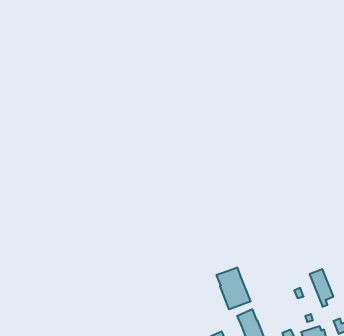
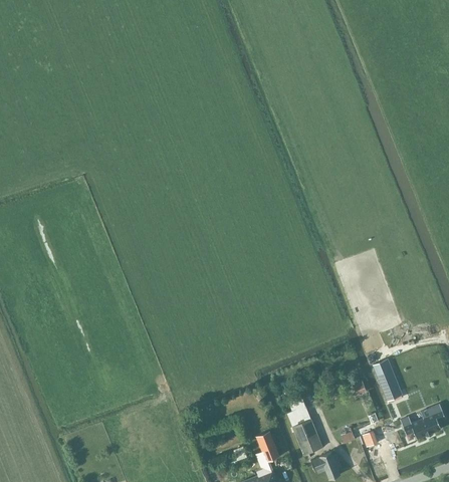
building: [217,267,251,309] -> none

